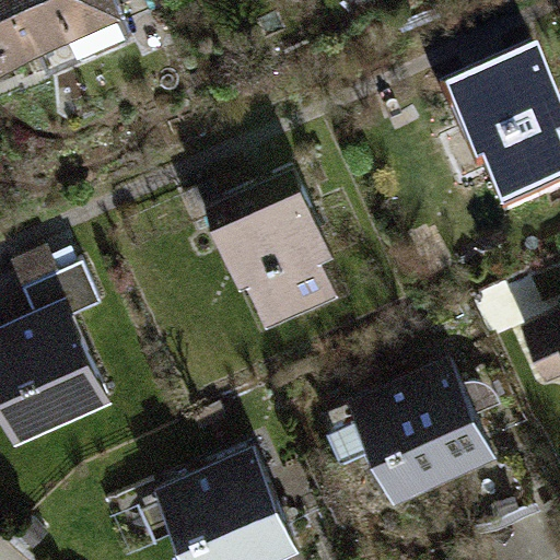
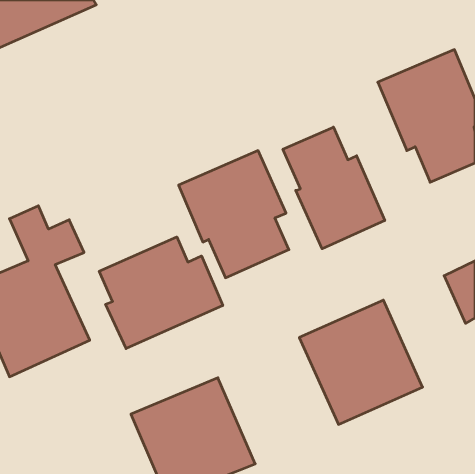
building: none -> [283,127,385,249]
building: none -> [99,237,223,349]

